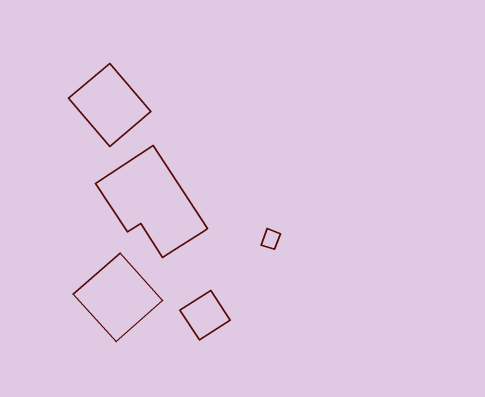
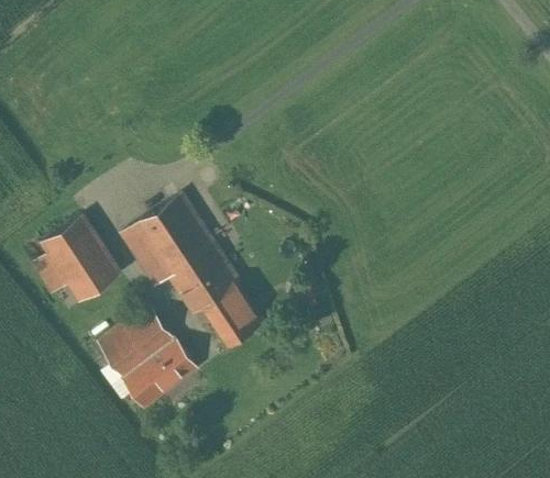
building: [69,63,151,146] -> [26,219,114,308]
building: [180,291,230,340] -> [208,289,262,342]

